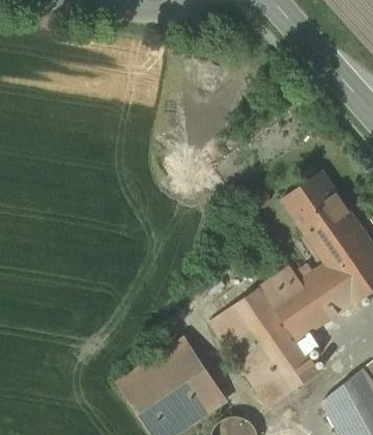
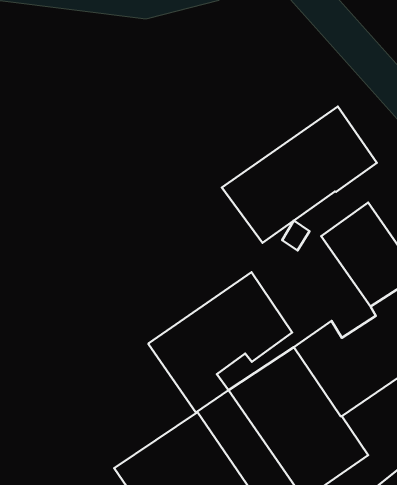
building: none -> [222,106,377,243]
building: none -> [148,272,292,412]

